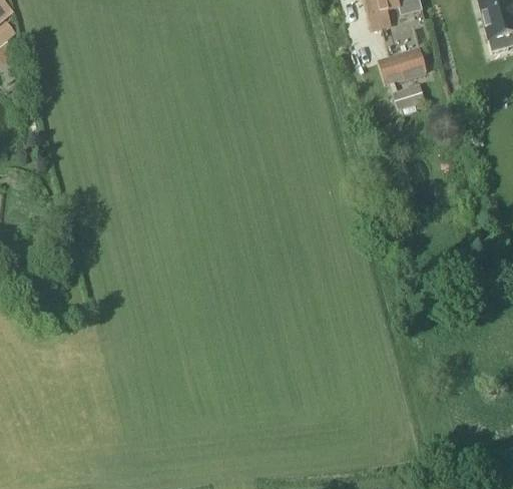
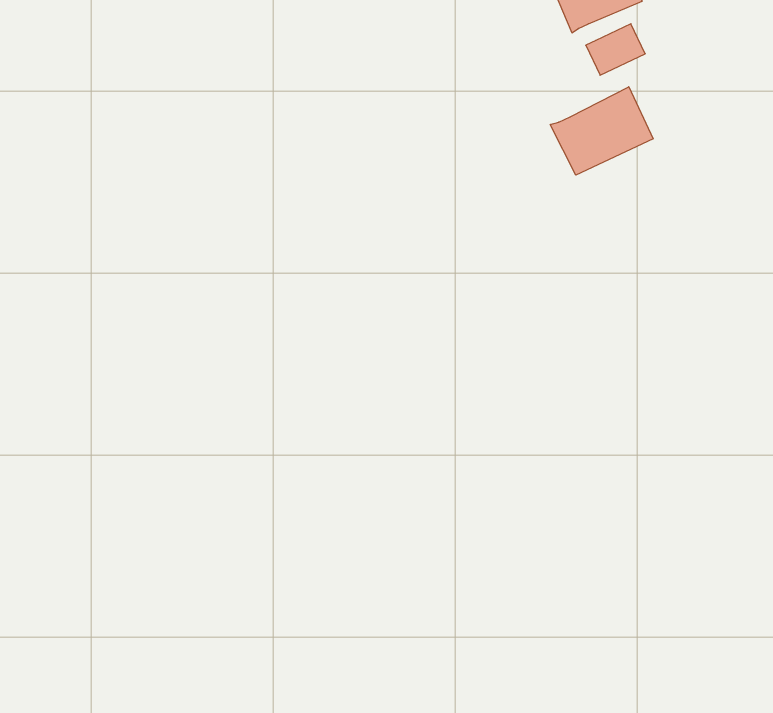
building: none -> [550,87,653,175]

